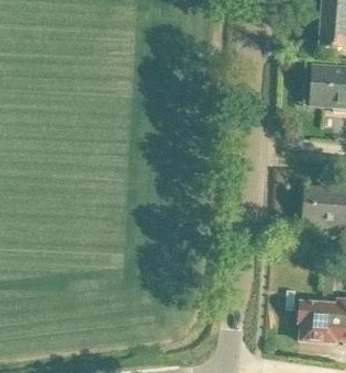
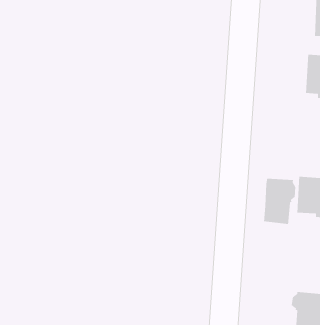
building: none -> [263,178,296,225]

